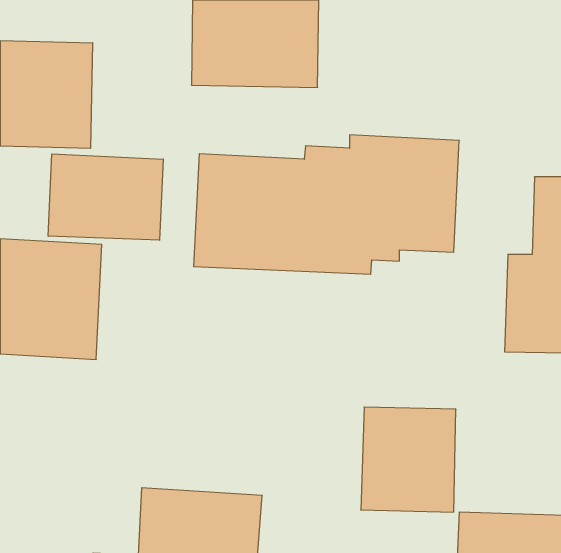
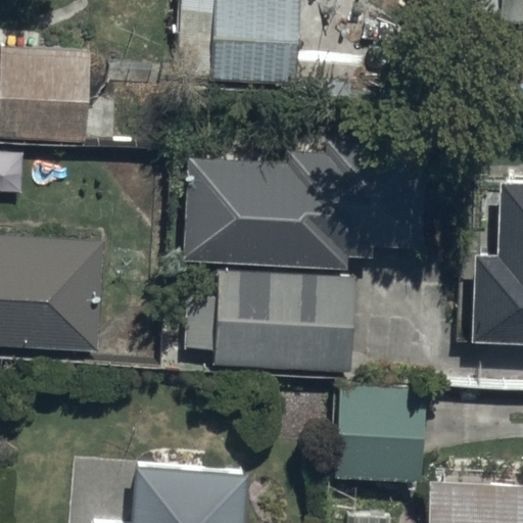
building: [48,154,163,240] -> none
building: none -> [188,273,352,373]

